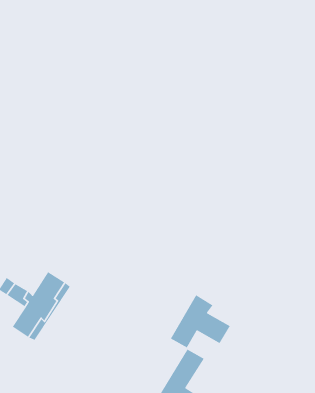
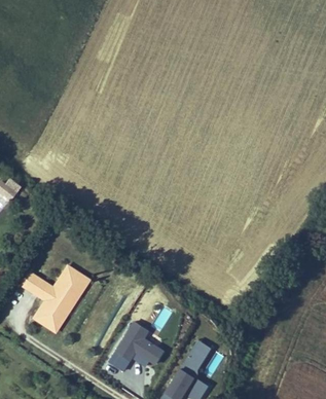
building: [170,294,231,349] -> [109,321,167,372]

